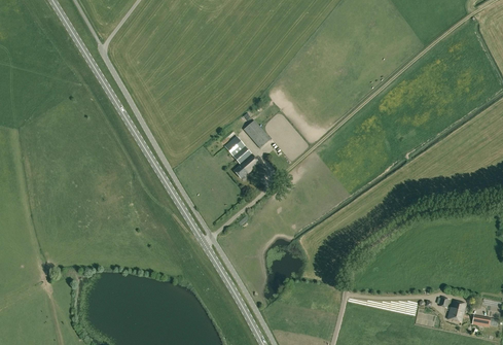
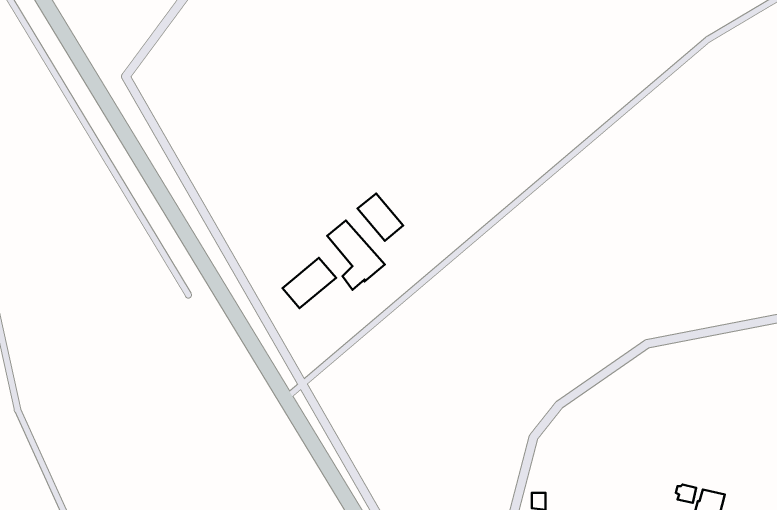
building: none -> [282,258,336,308]

